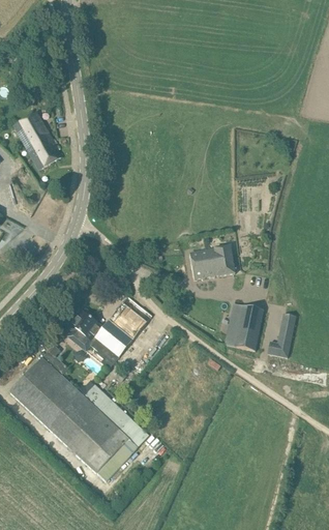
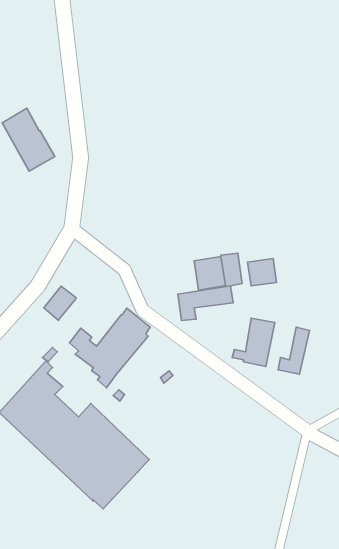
building: none -> [247,259,277,286]
building: none -> [178,286,233,321]
building: none -> [44,286,76,320]

